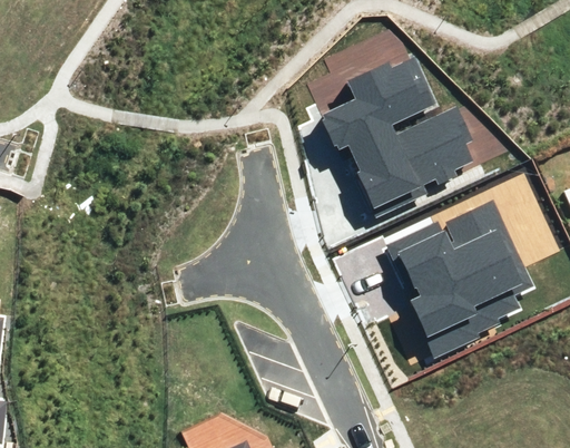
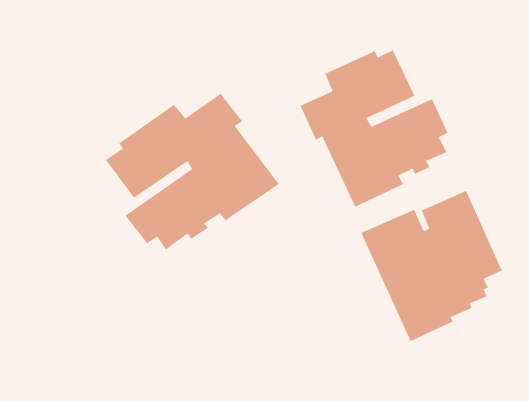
building: none -> [105,93,280,250]

